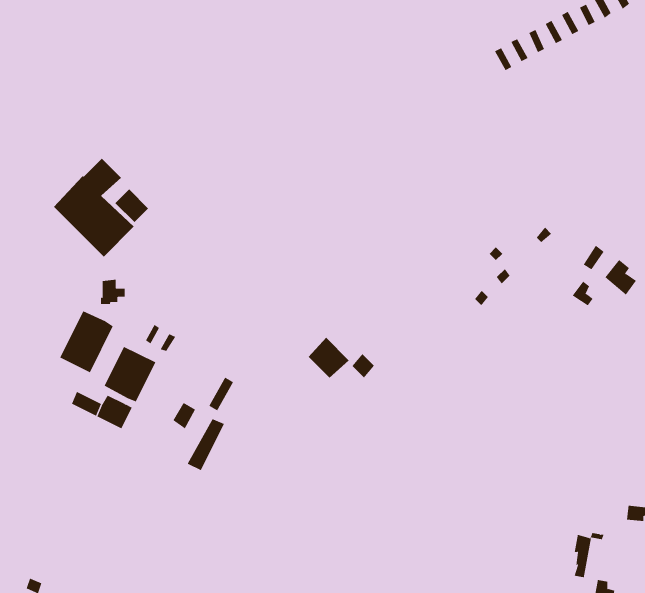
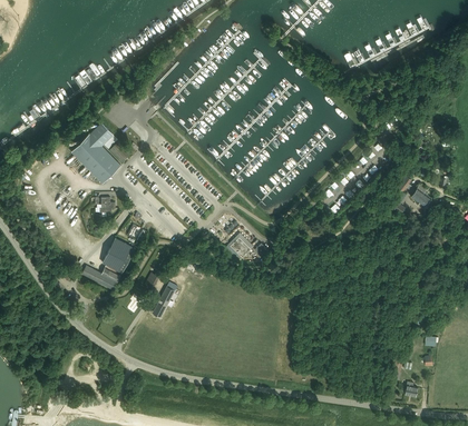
building: [60,311,114,373] -> none

